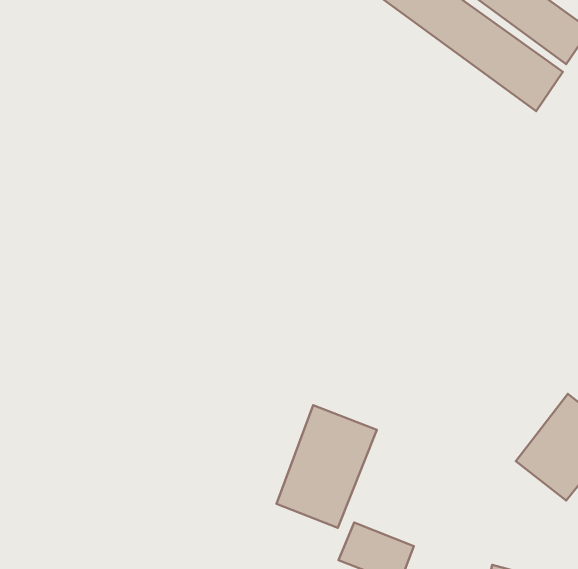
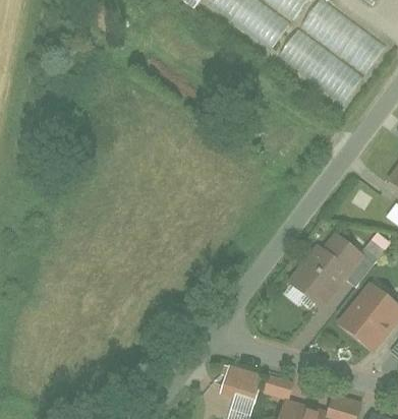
building: none -> [290,227,374,317]
building: [276,405,377,528] -> none

